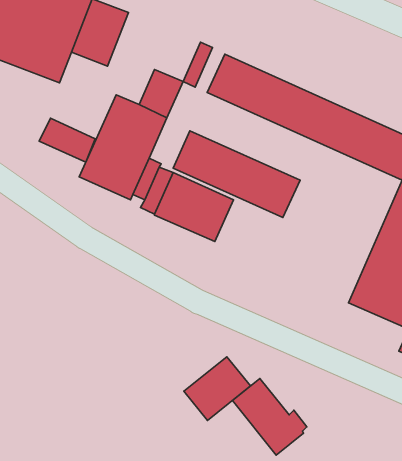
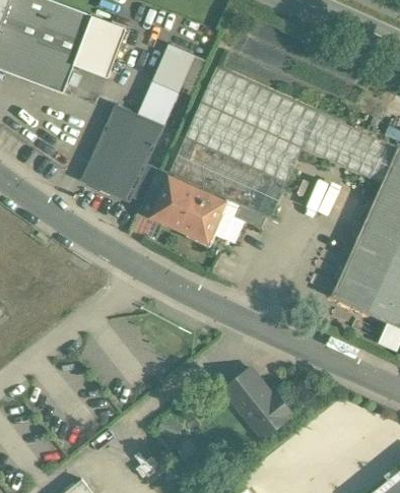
building: none -> [151,44,194,93]
building: none -> [184,103,302,184]
building: [39,118,95,162] -> none
building: [184,357,250,420] -> none

